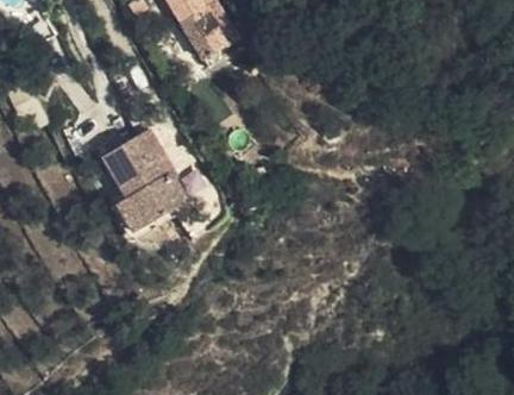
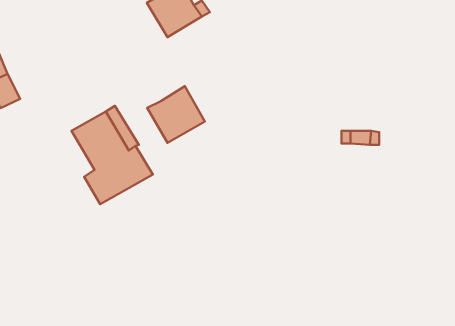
building: none -> [147,86,205,143]

